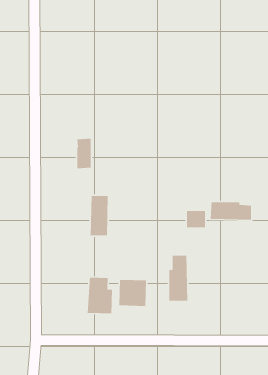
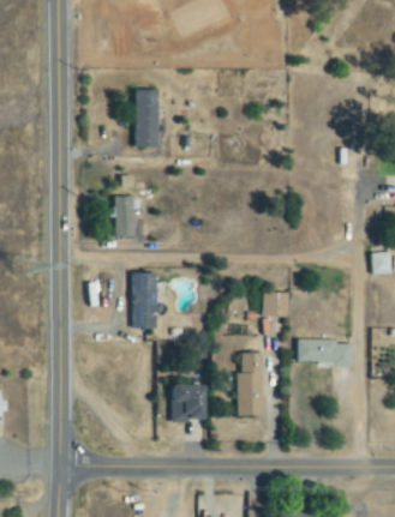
building: none -> [133,88,160,146]
building: [210,202,252,220] -> [297,338,353,363]
building: [87,277,113,314] -> none

